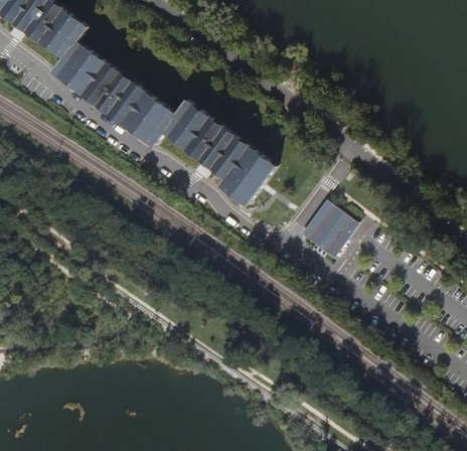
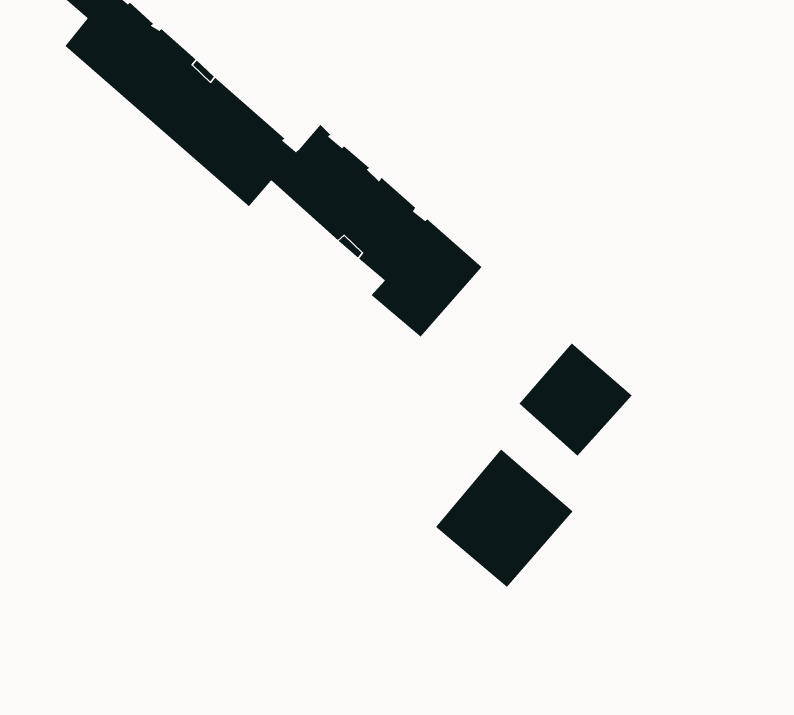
building: none -> [435,448,573,588]

